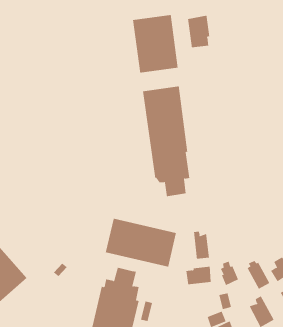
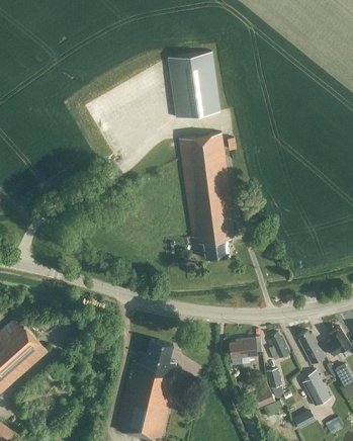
building: [187,15,210,48] -> none
building: [105,218,177,268] -> none
building: [193,231,209,259] -> none

